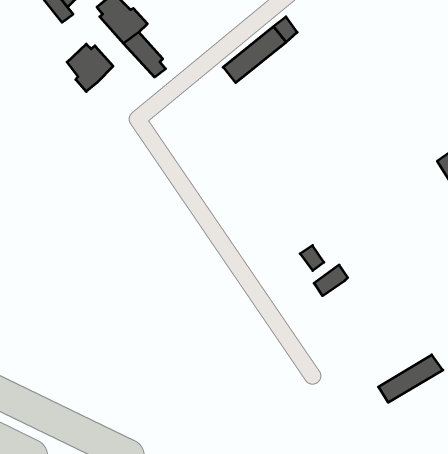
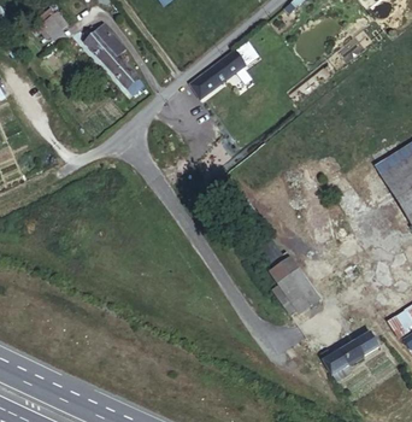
building: [67,44,113,92] -> none
building: none -> [278,268,319,311]

